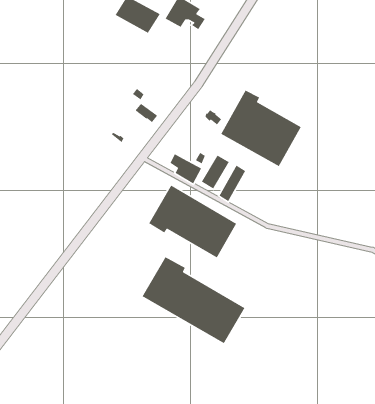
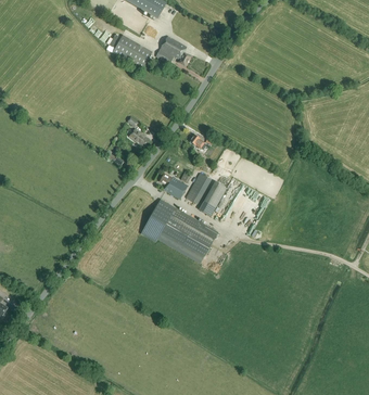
building: [220,89,302,167] -> none
building: [142,256,246,344] -> none

